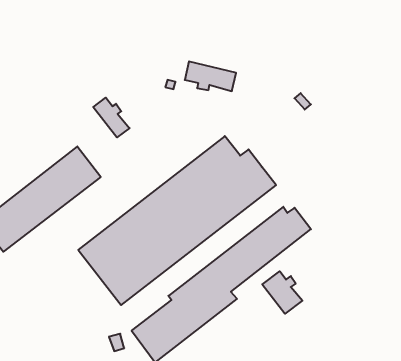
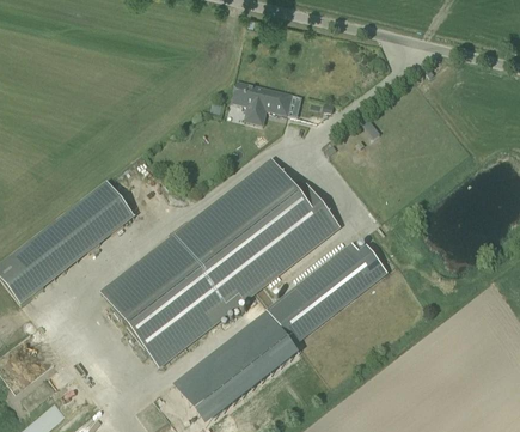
building: [93,98,130,137] -> none
building: [262,271,302,314] -> none

